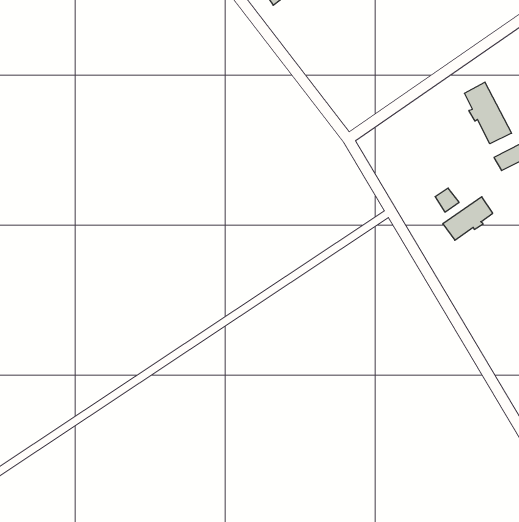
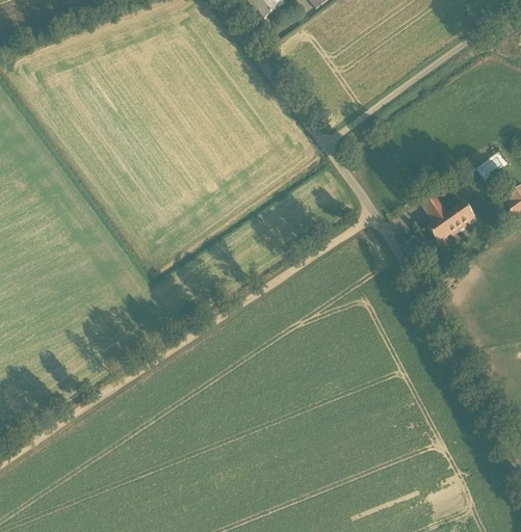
building: [464,82,512,144] -> none

